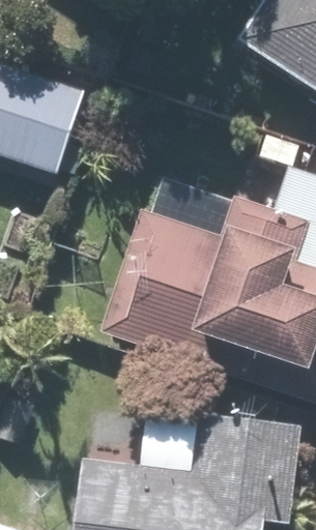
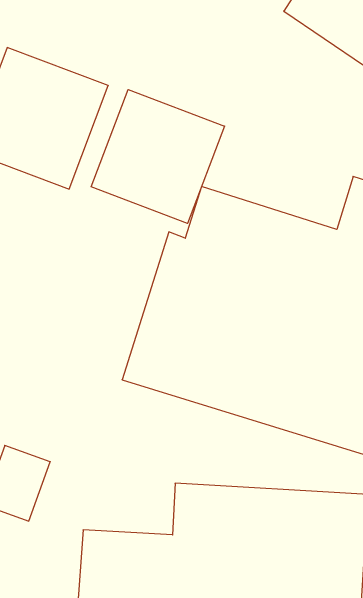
building: none -> [91,90,225,223]

